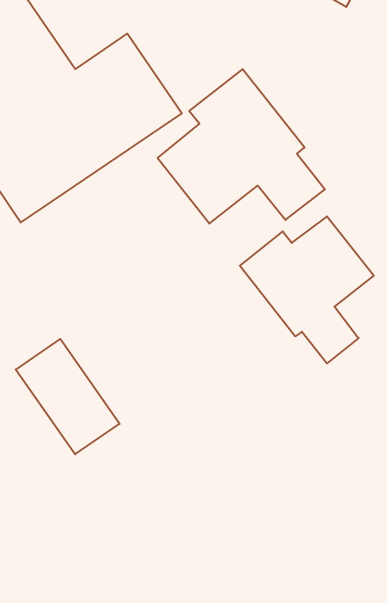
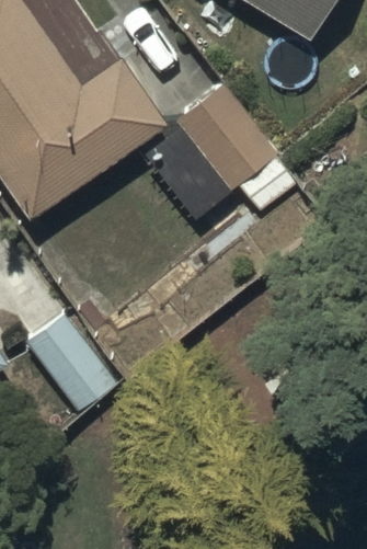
building: [240,216,374,363] -> none

